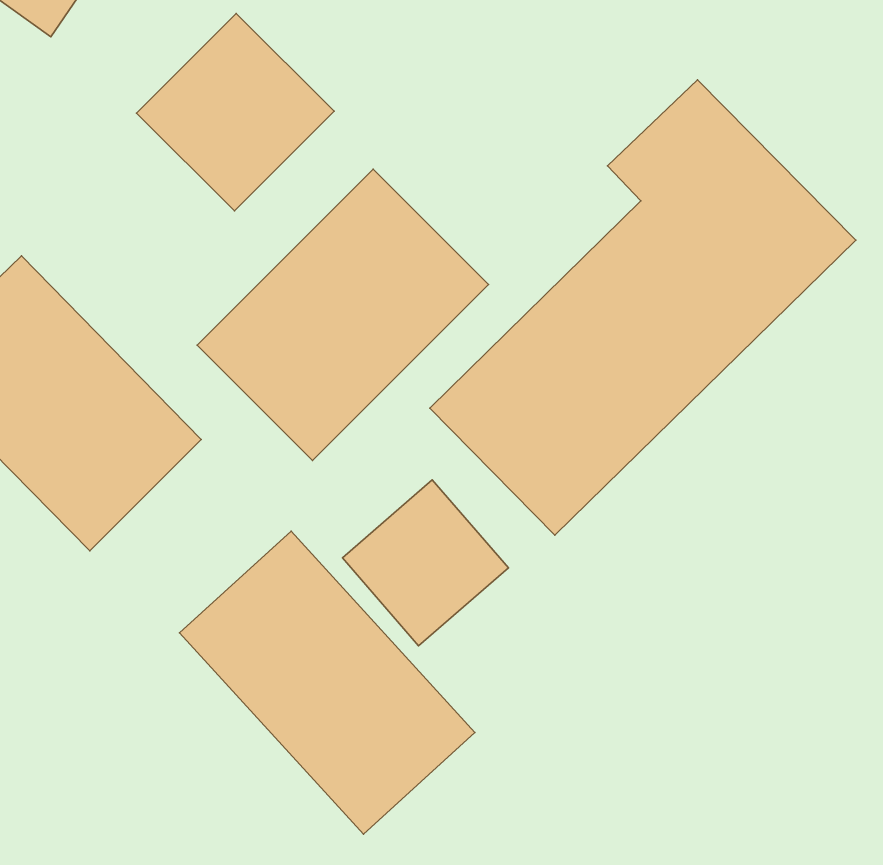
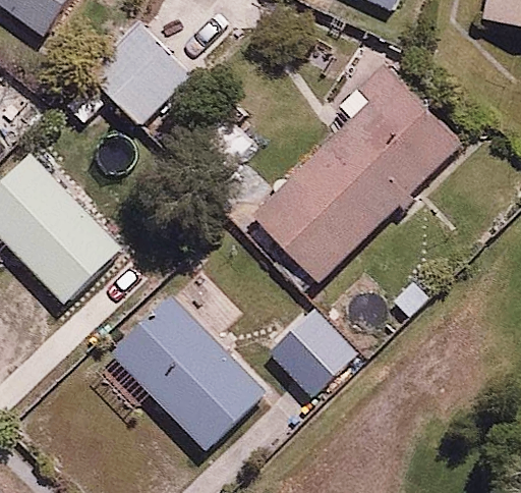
building: [197,169,488,460] -> none
building: [342,480,509,646] -> [268,309,354,395]

